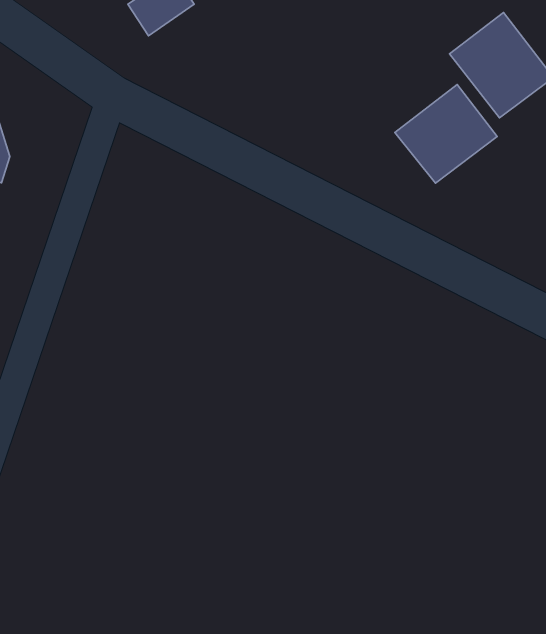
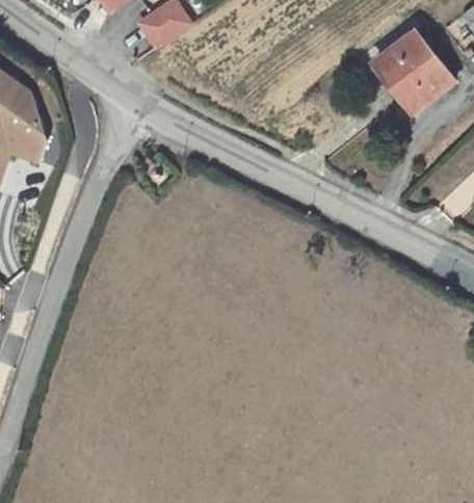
building: [395,84,497,183] -> none

